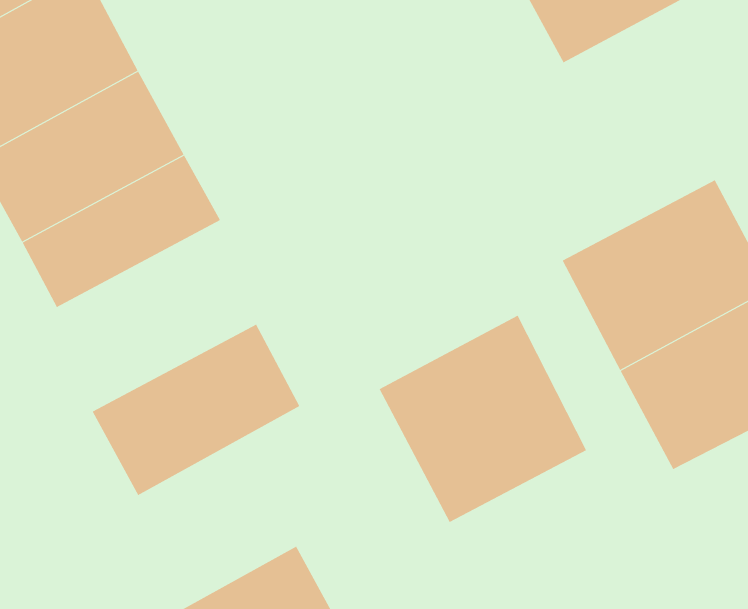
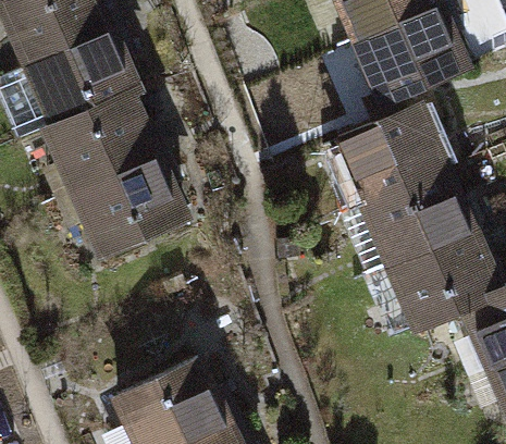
building: none -> [330,103,448,208]
building: [379,315,587,523] -> none
building: [92,324,300,496] -> [75,170,192,260]

